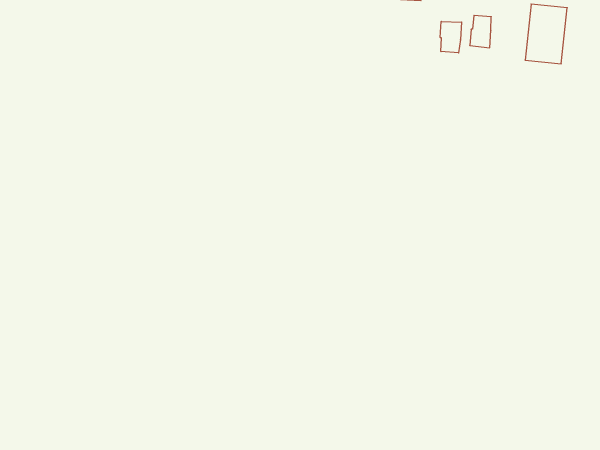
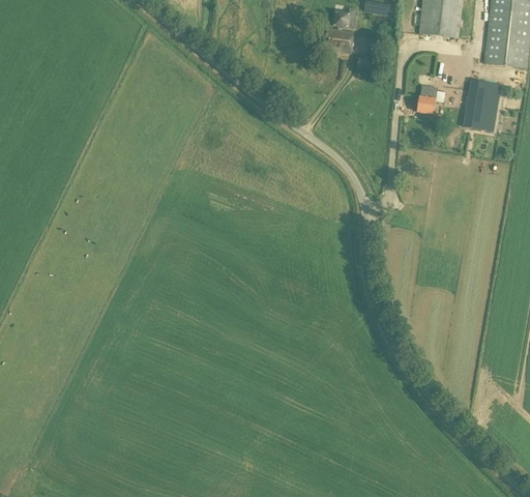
building: [440,21,462,53] -> none

